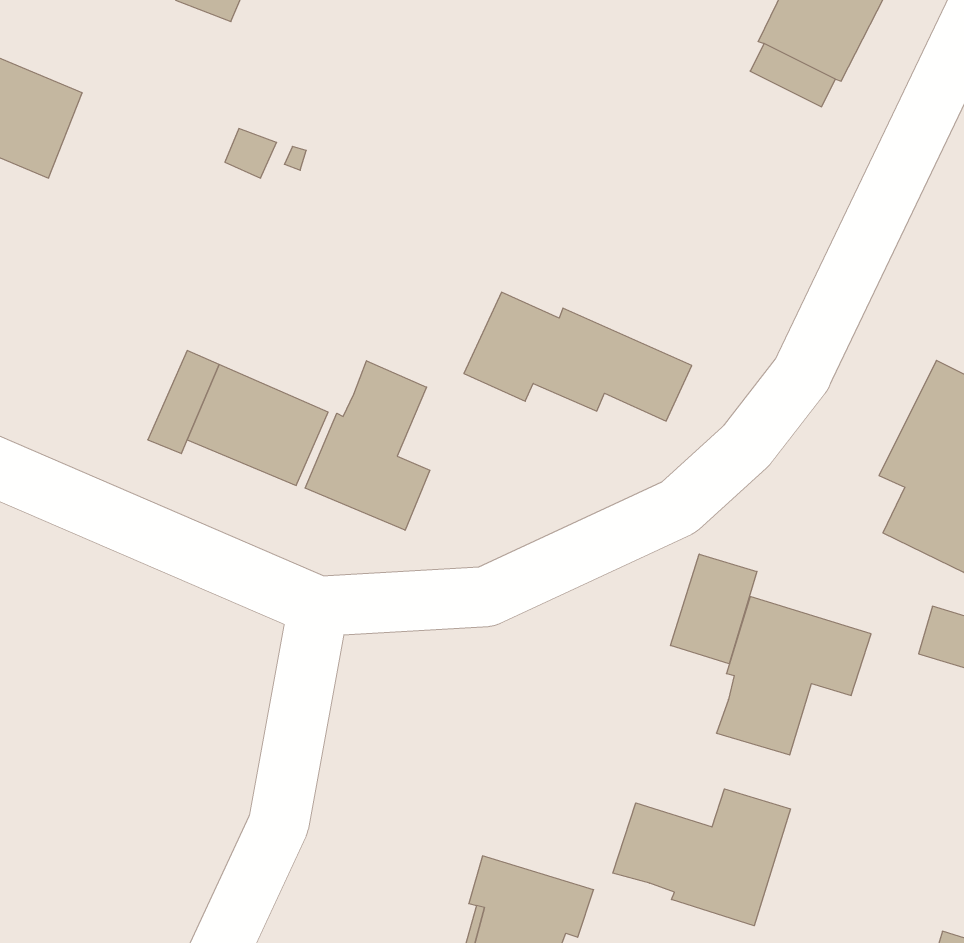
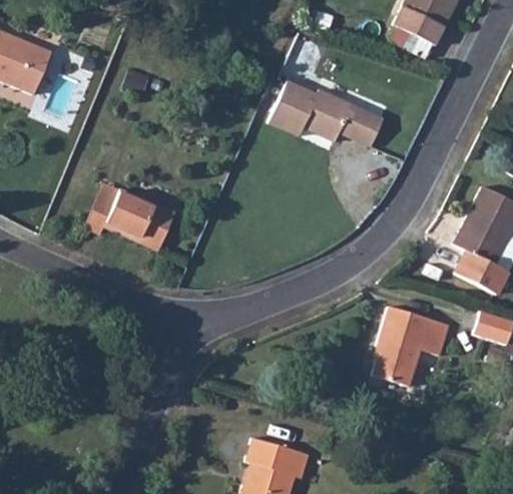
building: [464,292,692,421] -> [269,81,384,146]
building: [305,361,430,530] -> none
building: [671,554,757,664] -> none
building: [613,789,791,926] -> none

